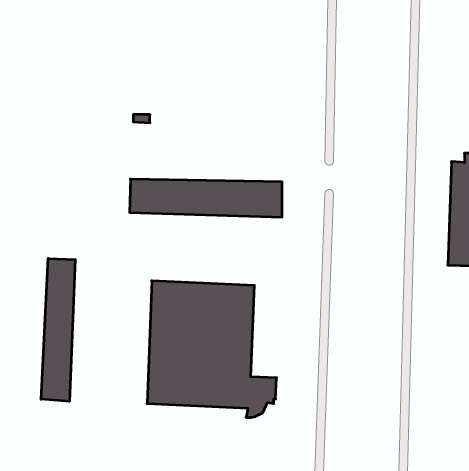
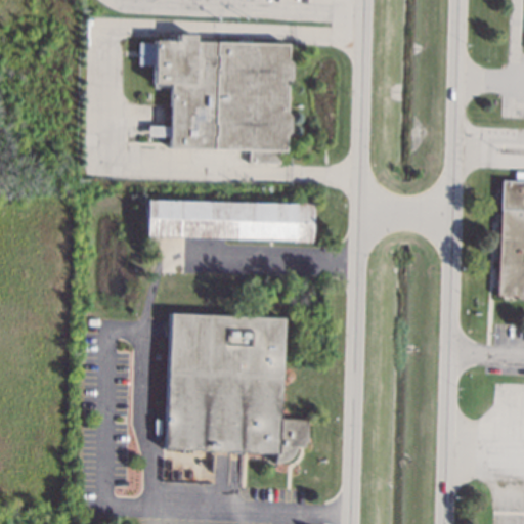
building: none -> [140,34,289,163]
building: [41,258,75,401] -> none

